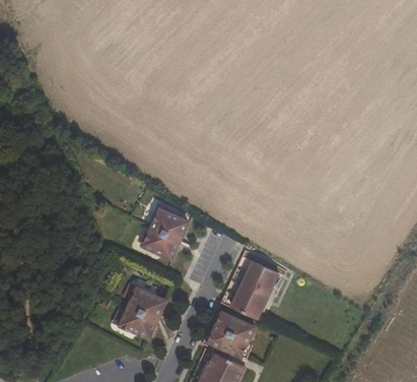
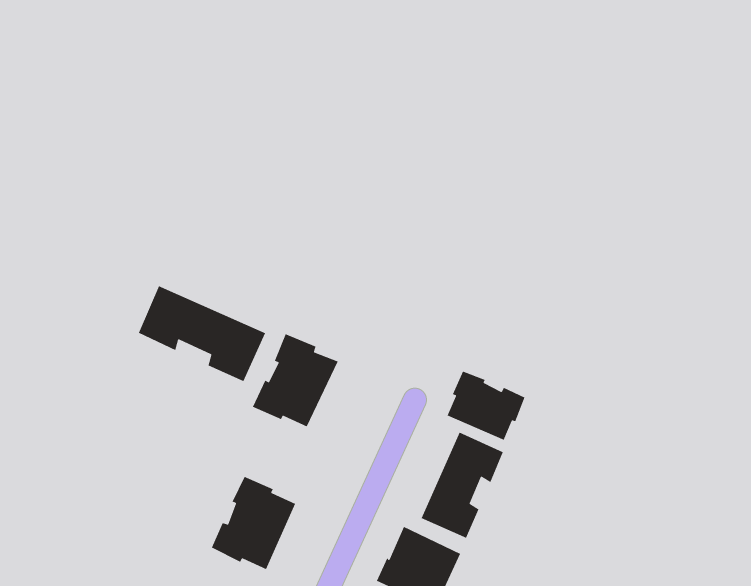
building: none -> [138,285,266,382]
building: none -> [447,370,526,441]

